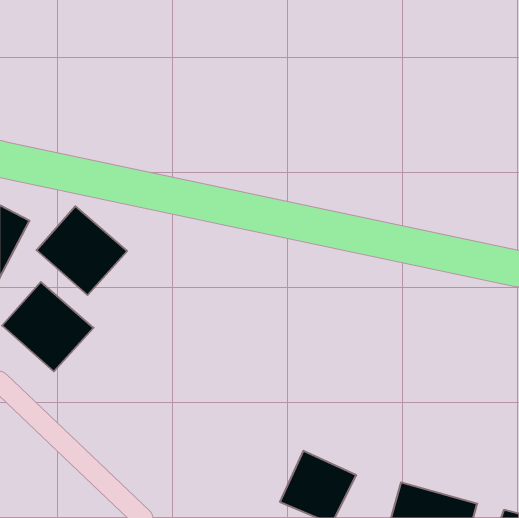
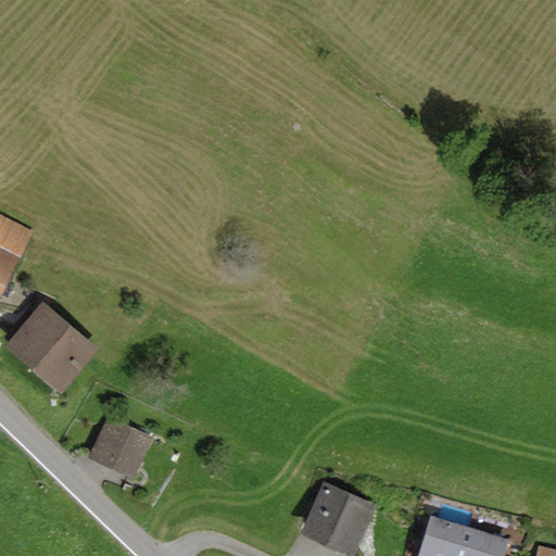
building: [36,206,127,295] -> none
building: none -> [88,417,153,479]

